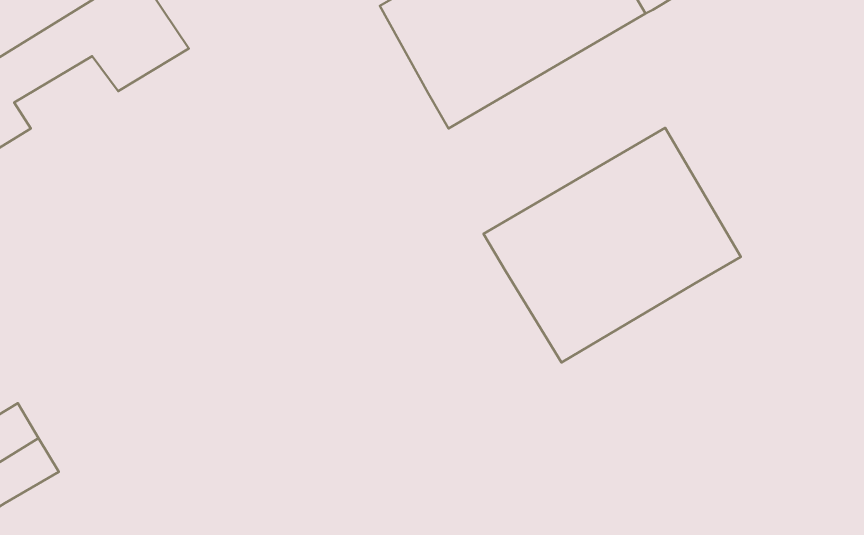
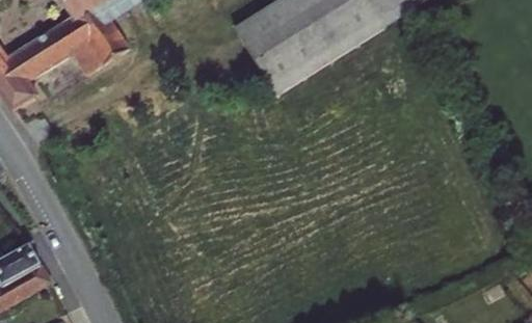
building: [484,128,741,362] -> none

